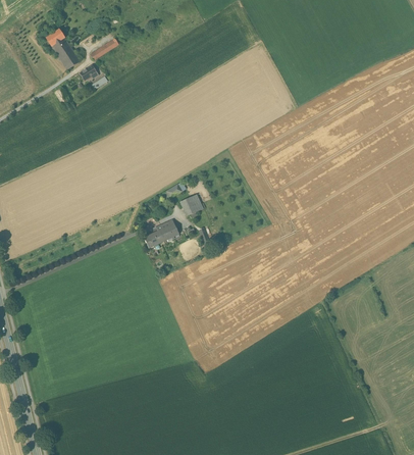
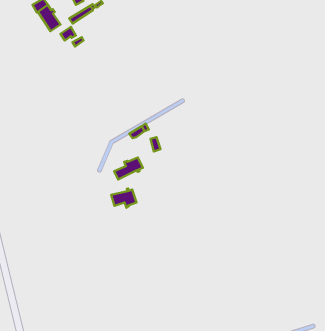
building: none -> [111,189,137,208]

